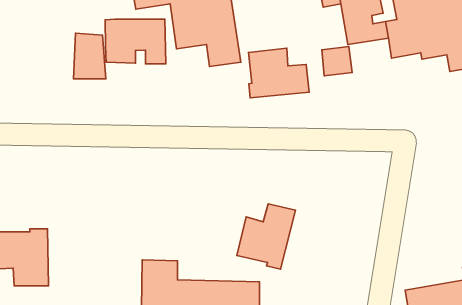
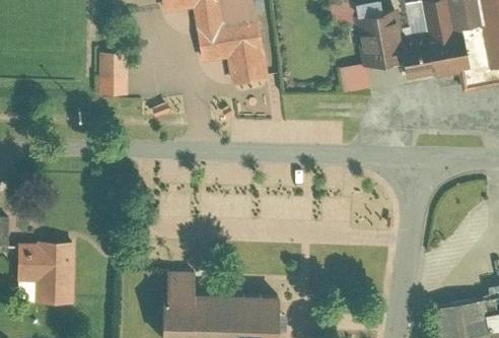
building: [105,19,166,64] -> none
building: [249,48,309,98] -> none
building: [237,204,295,269] -> none

